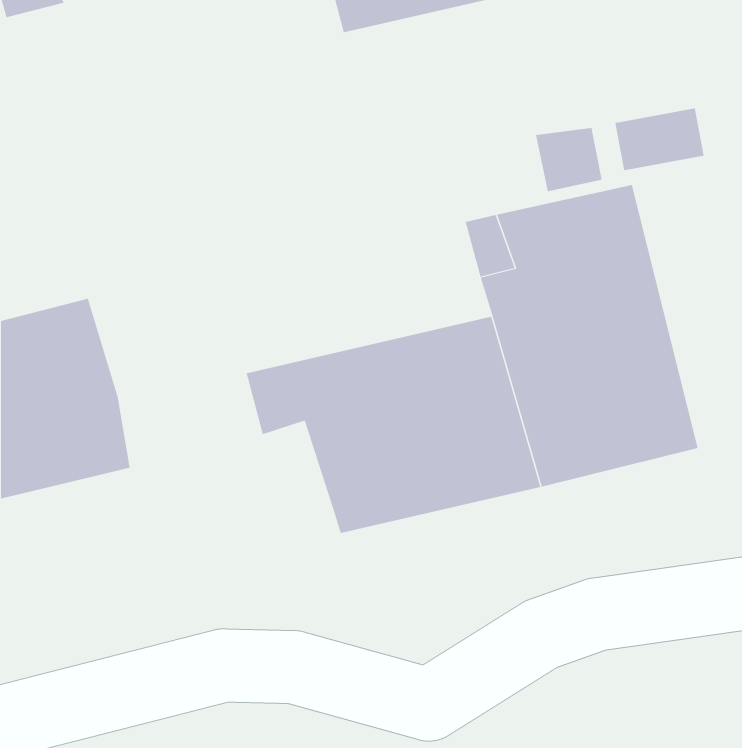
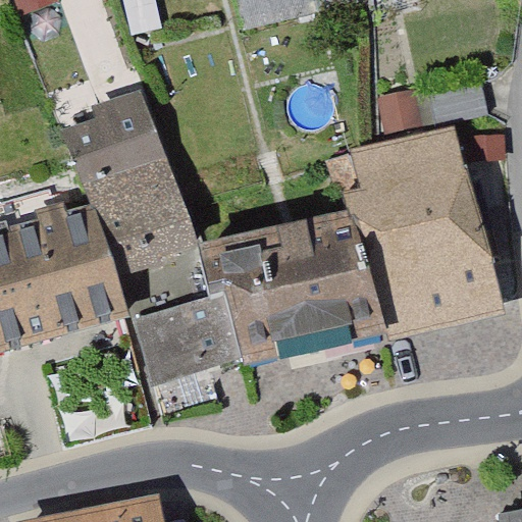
building: none -> [49,94,175,270]
building: none -> [134,286,244,378]

